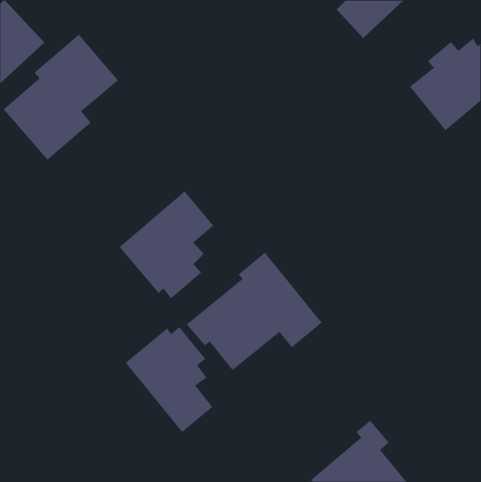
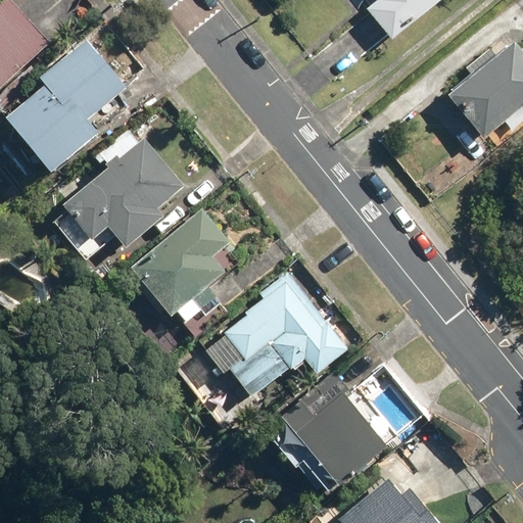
building: none -> [61,131,185,250]
building: [125,326,213,433] -> none
building: none -> [284,371,401,487]

